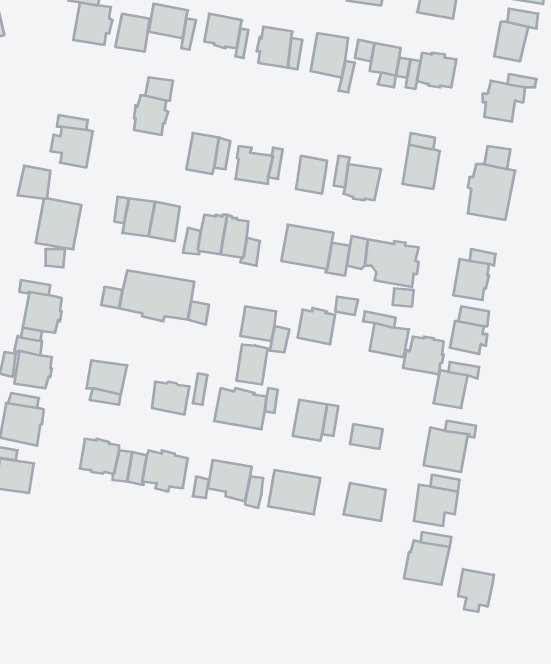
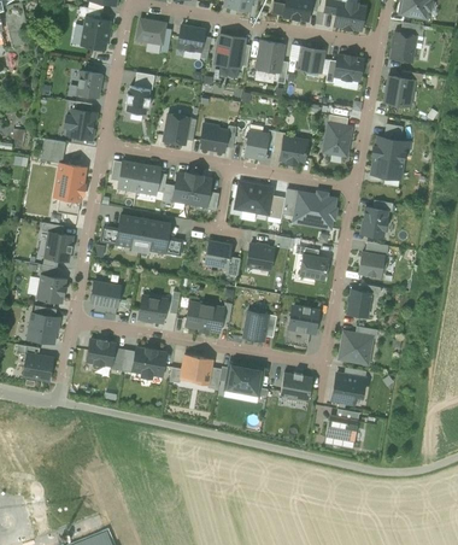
building: [115,14,150,52] -> [76,71,101,99]
building: [403,337,444,374] -> [287,306,317,334]
building: [237,344,268,384] -> none
building: [458,569,494,612] -> none

